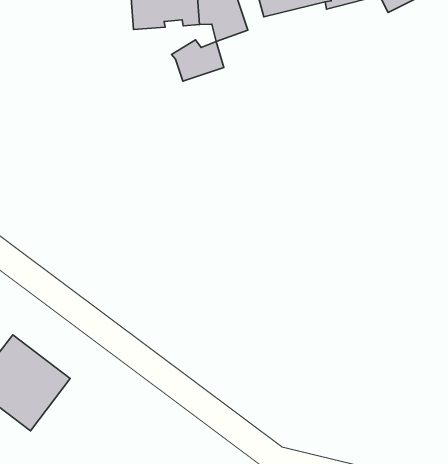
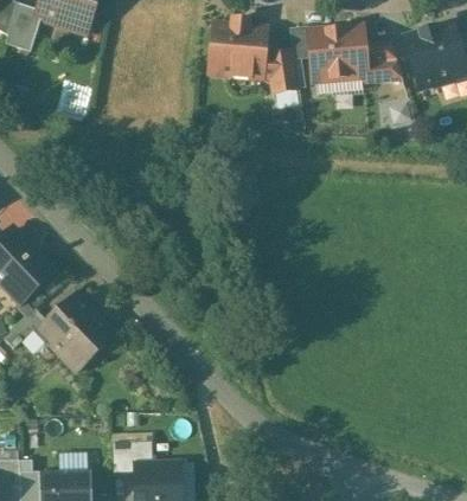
building: [171,40,224,81] -> none

